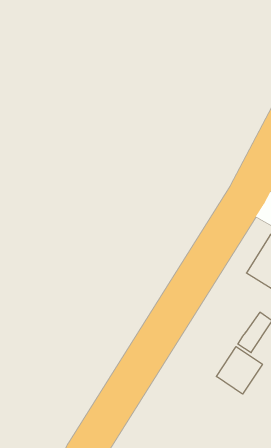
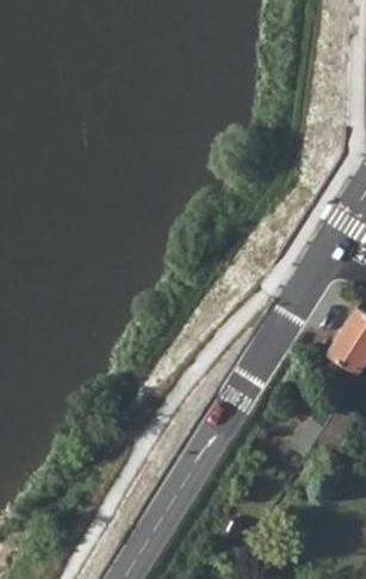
building: [216,347,262,394] -> none

